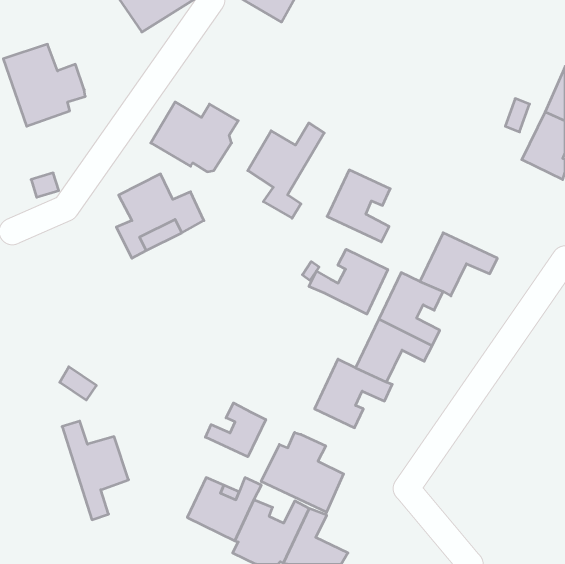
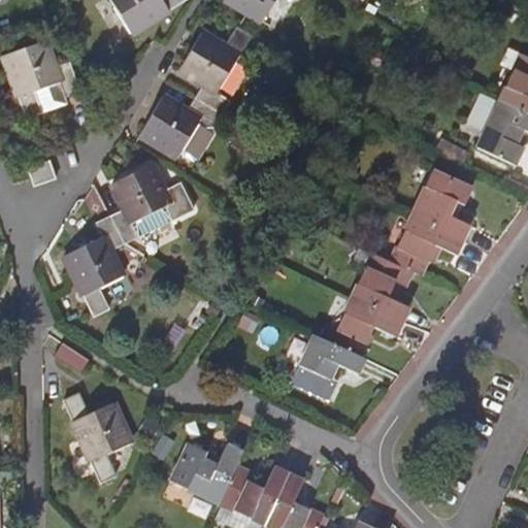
building: [248,123,324,218] -> [180,24,252,112]
building: [327,170,390,242] -> [412,173,471,240]
building: none -> [63,211,123,315]
building: [309,249,388,314] -> none
building: [205,403,266,457] -> none
building: [261,432,344,512] -> none

